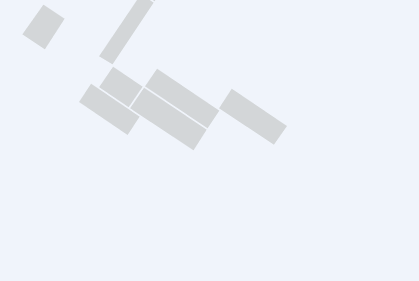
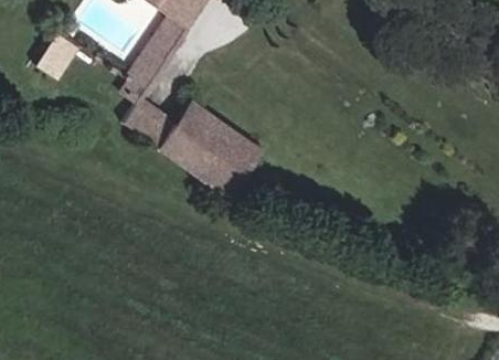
building: [78,83,141,136] -> none
building: [218,88,288,146] -> none

